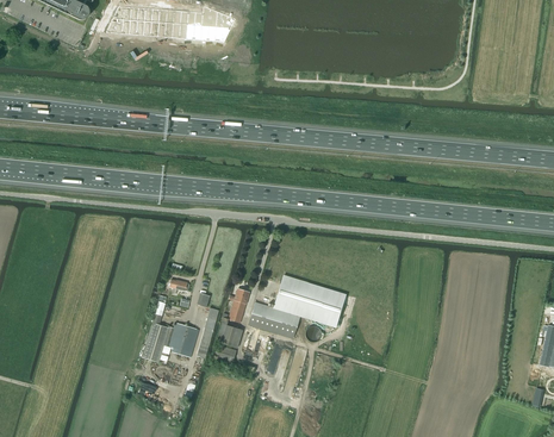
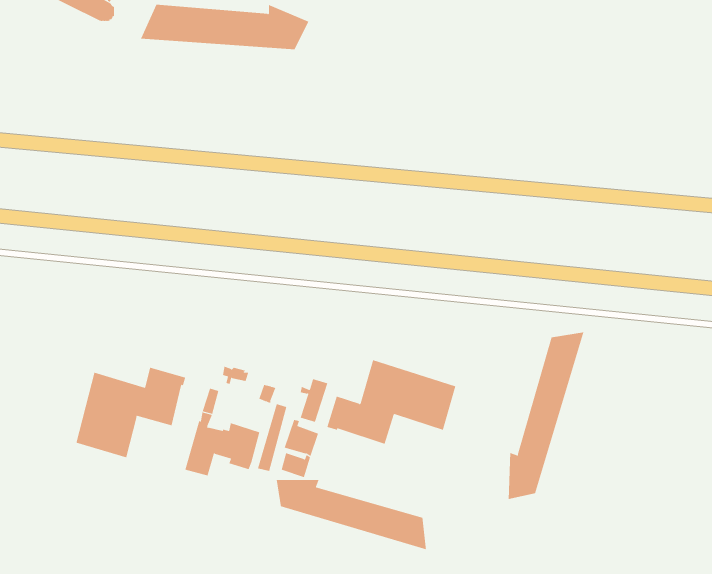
building: none -> [508,331,584,500]
building: none -> [76,367,186,458]
building: none -> [276,479,427,550]

